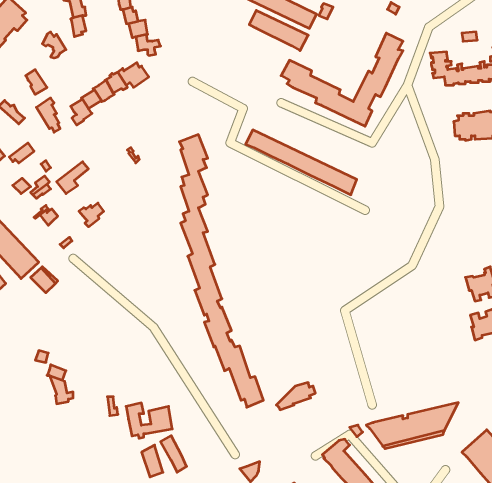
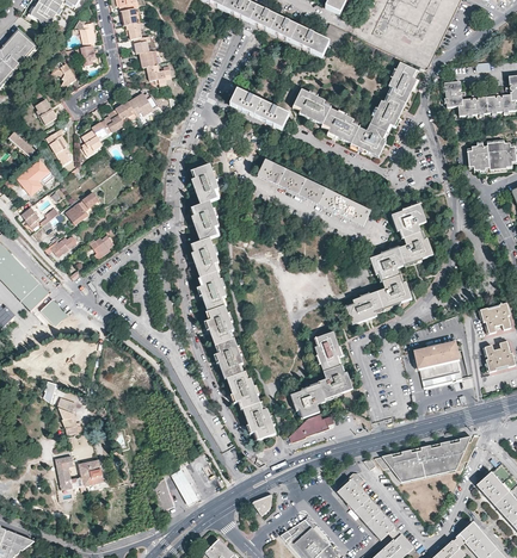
building: [249,10,308,51] -> [230,89,290,130]
building: none -> [346,204,433,324]
building: none -> [291,331,353,417]
building: none -> [414,341,460,378]
building: [126,403,172,438] -> [56,455,103,491]

